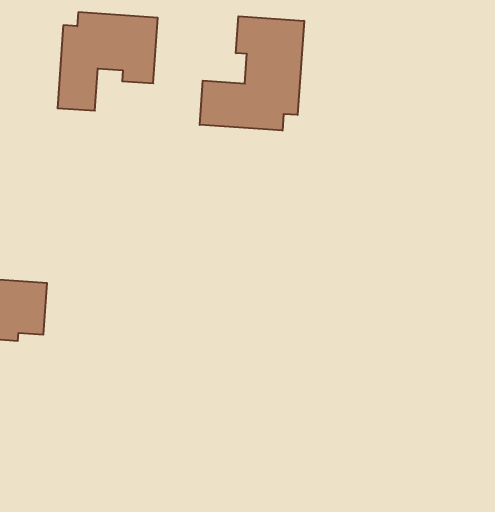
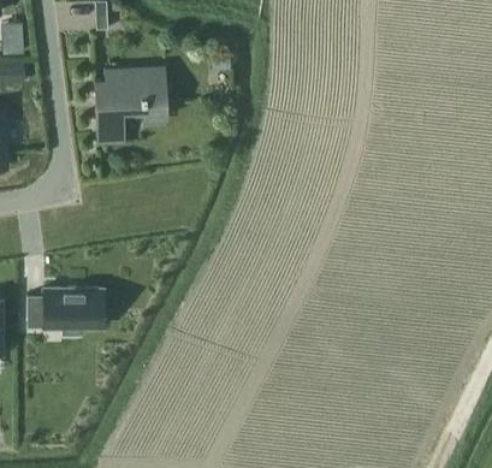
building: [200,16,304,131] -> none

